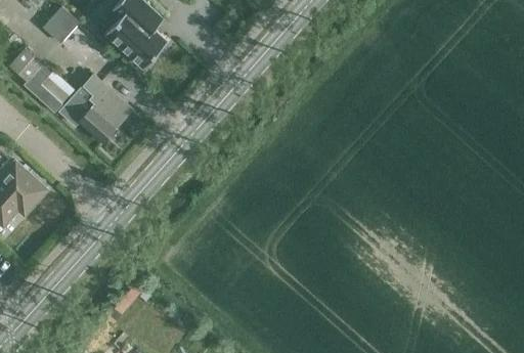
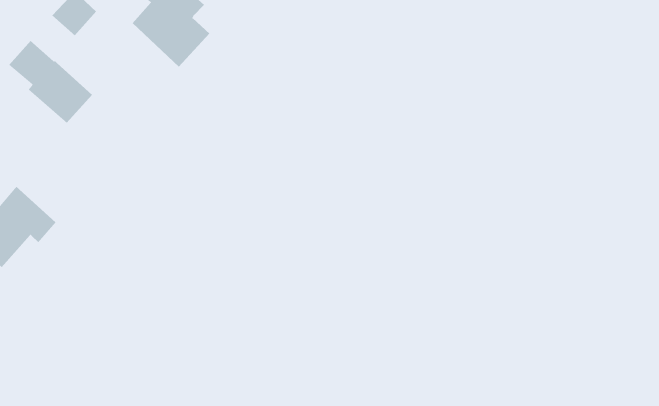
building: [60,75,133,143] -> none

